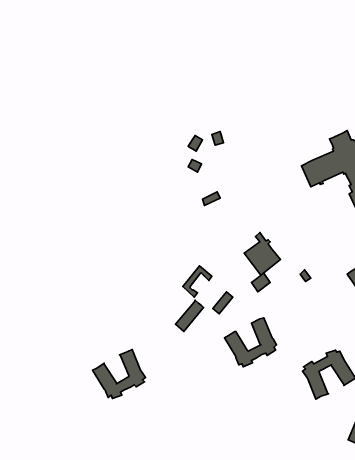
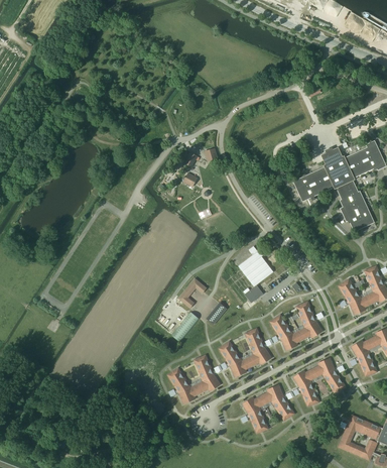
building: none -> [270,302,320,349]
building: [93,349,146,398] -> [167,355,219,402]
building: none -> [244,386,294,434]

